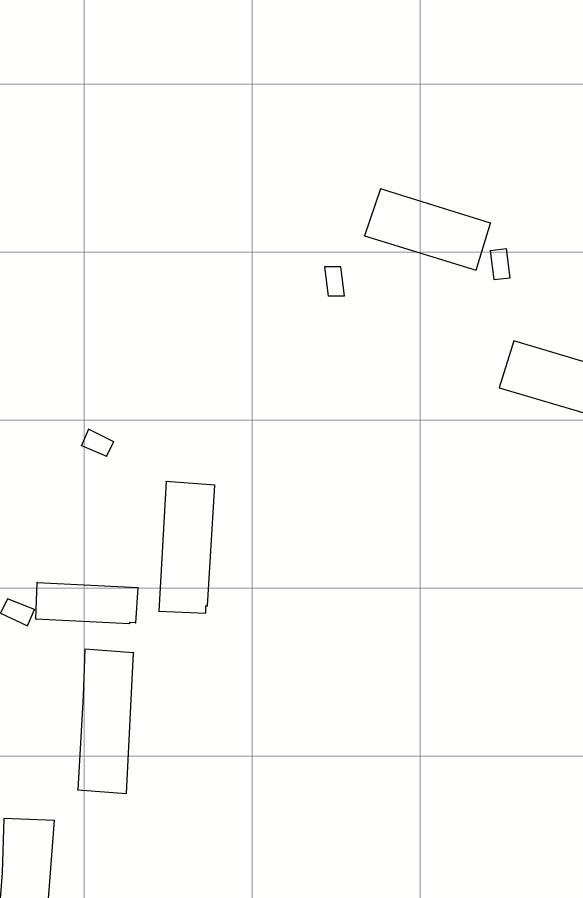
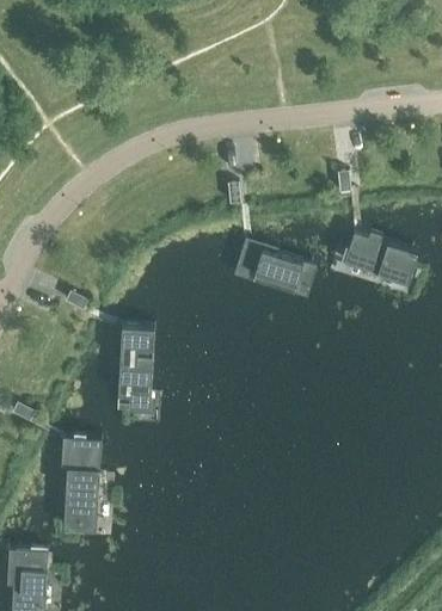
building: [364,189,491,270] -> [233,243,317,297]
building: [36,582,138,624] -> none

